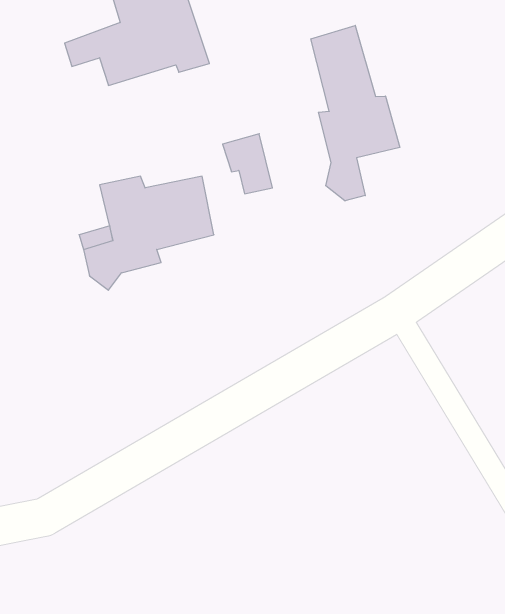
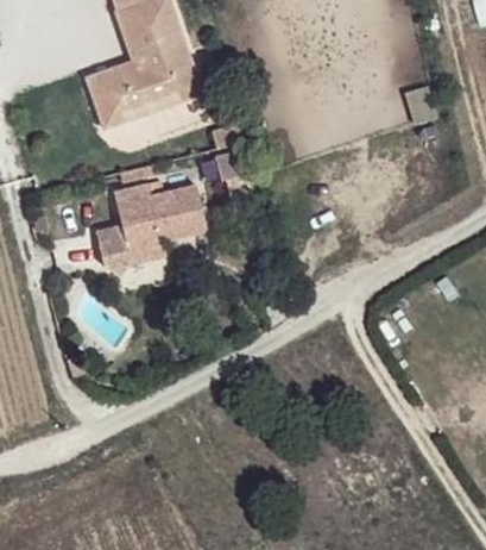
building: [311,25,400,201] -> none
building: none -> [89,87,176,124]

